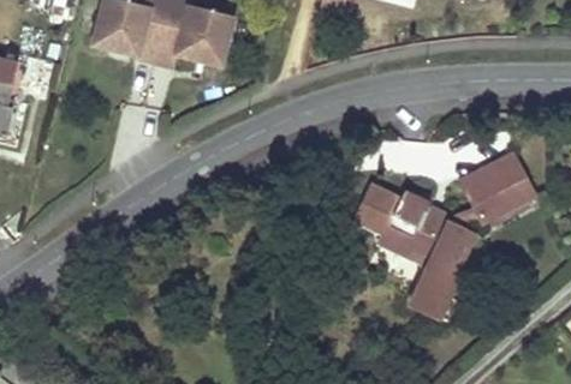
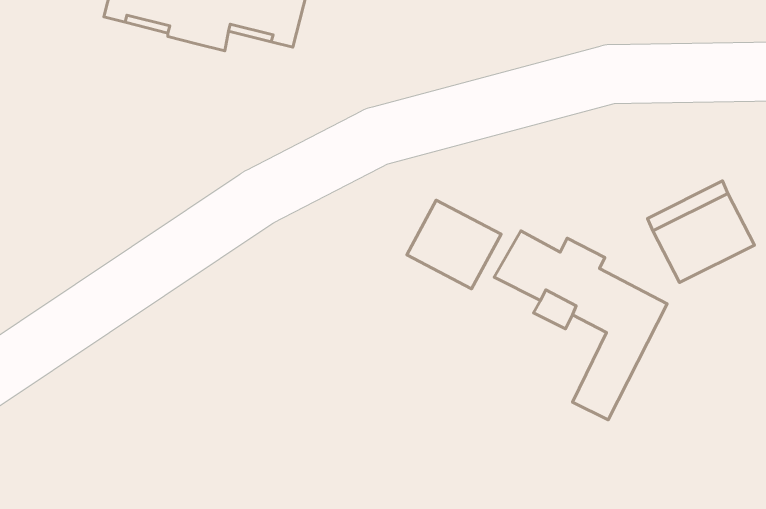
building: none -> [407,200,501,289]

